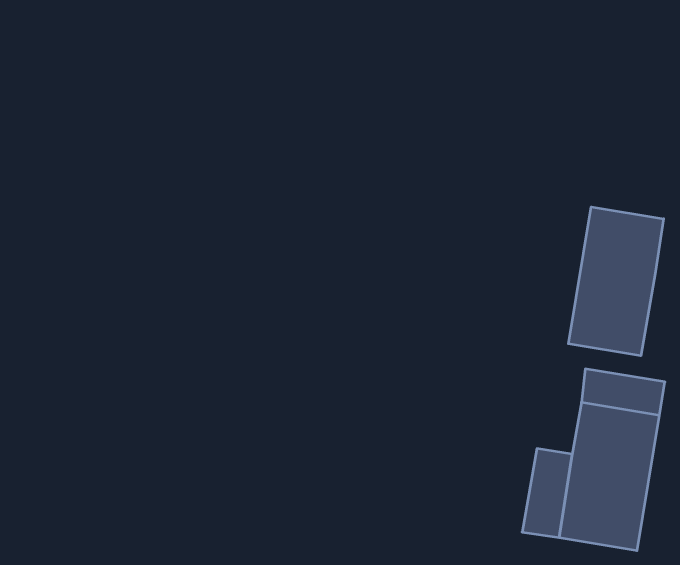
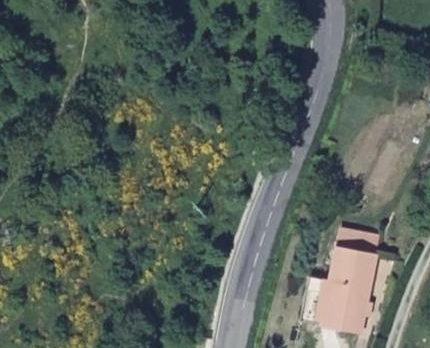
building: [568,207,664,356] -> none

